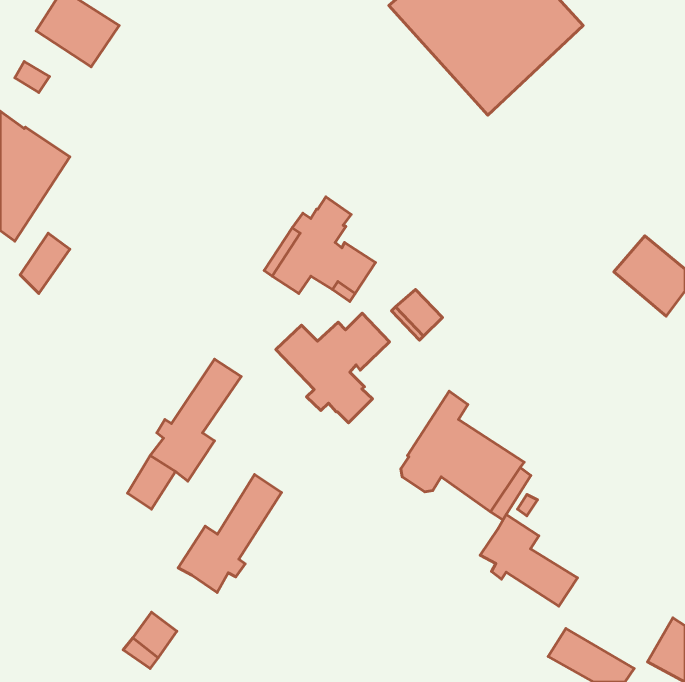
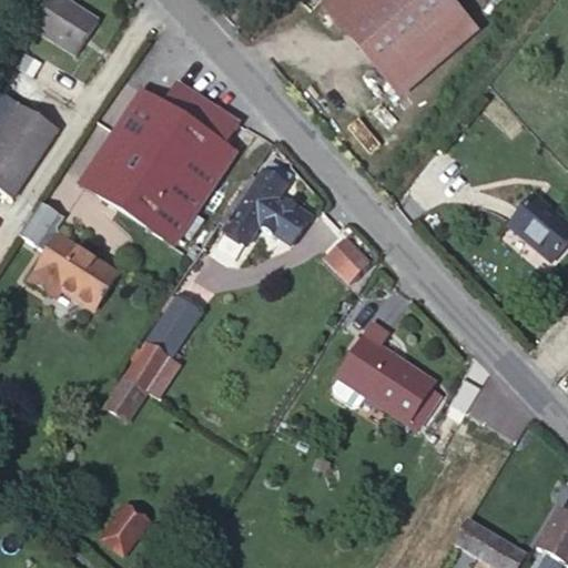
building: none -> [78,74,242,244]
building: none -> [27,227,120,306]
building: [276,313,390,423] -> none
building: [178,475,282,593] -> none
building: [480,515,578,606] -> none

